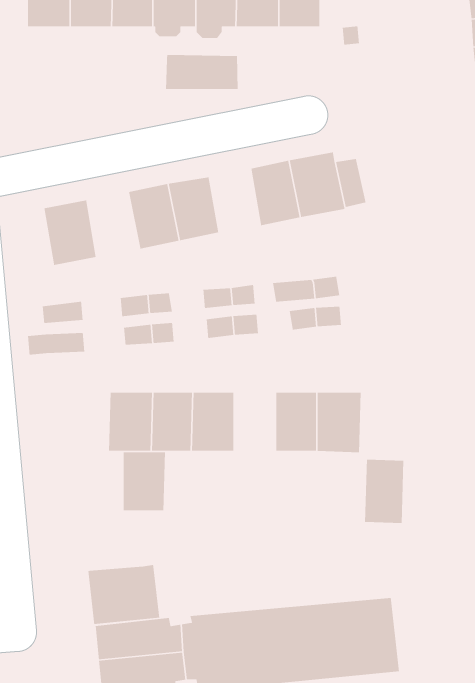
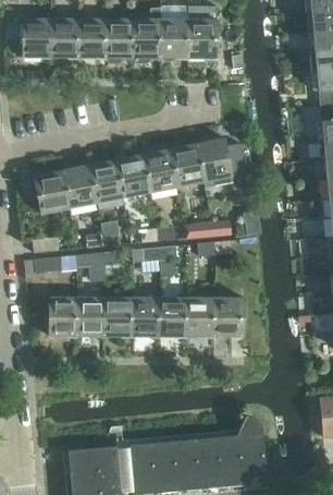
building: [165,54,238,90] -> none
building: none -> [144,149,177,192]
building: none -> [63,165,98,208]
building: none -> [160,297,187,336]
building: [123,451,166,511] -> [50,297,78,336]
building: [364,459,404,524] -> none
building: [88,564,160,625] -> none

